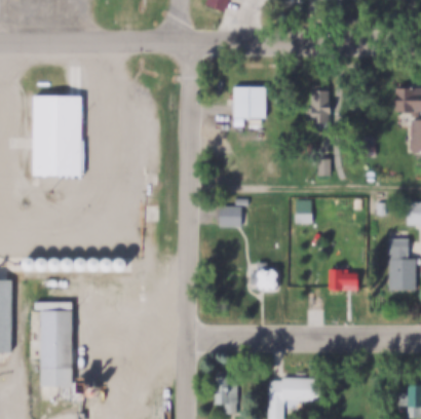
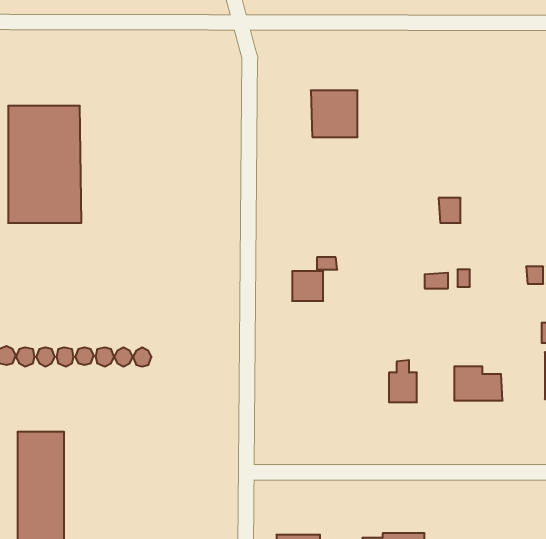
building: [308,89,332,122] -> none
building: [254,261,272,289] -> [389,360,417,402]

